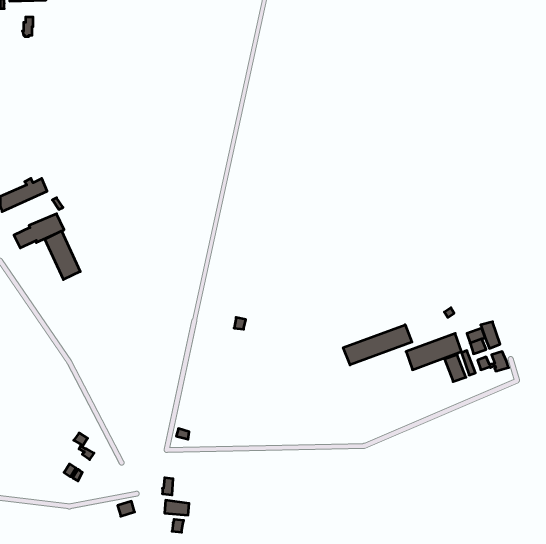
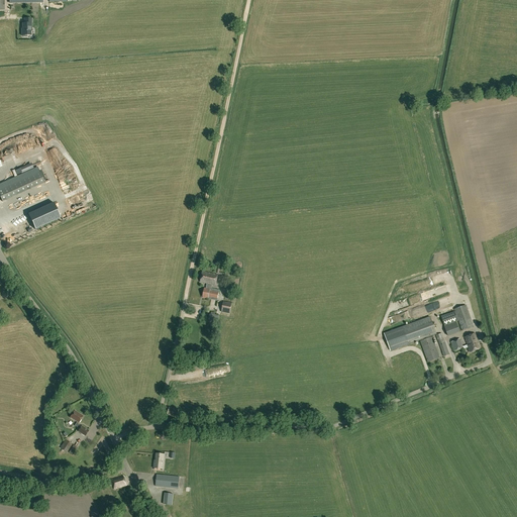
building: [45,231,80,280] -> none
building: none -> [200,270,219,299]
building: [343,325,412,365] -> none

